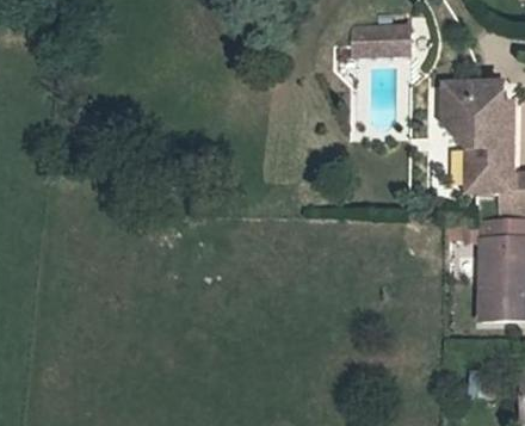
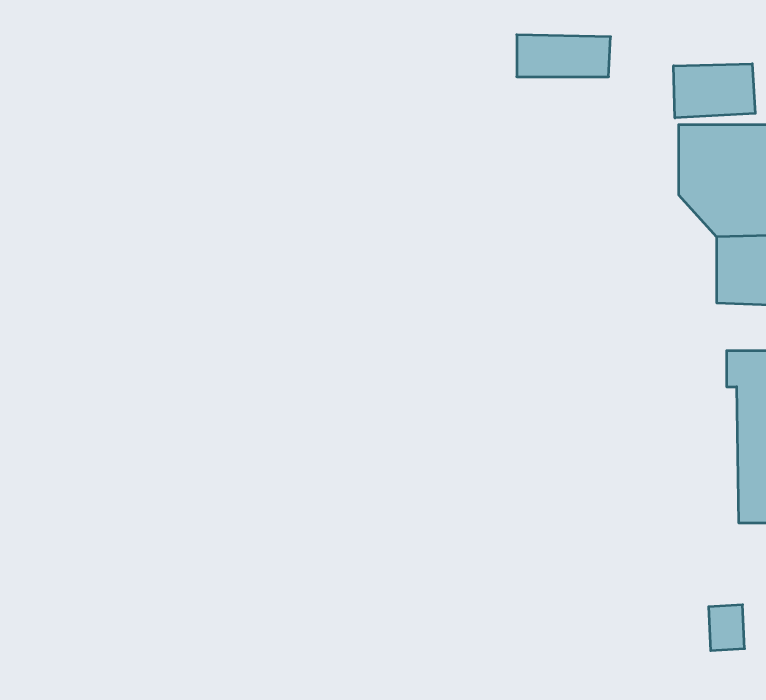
building: none -> [674,64,755,118]

